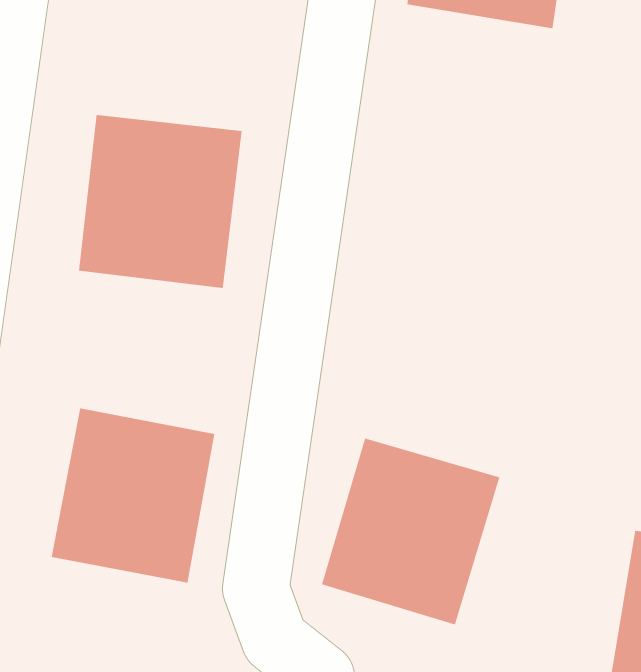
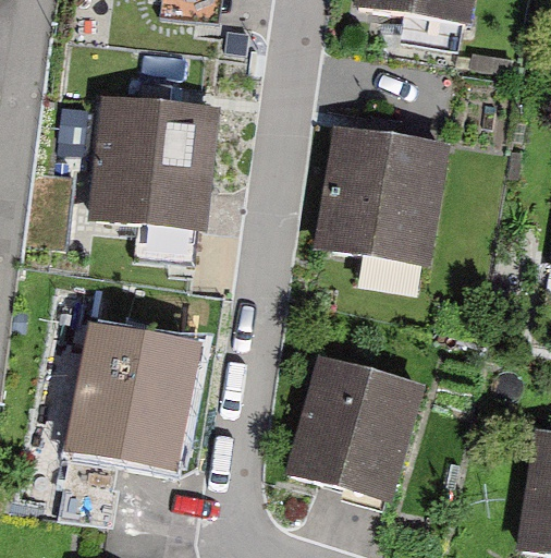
building: none -> [315,124,450,266]

